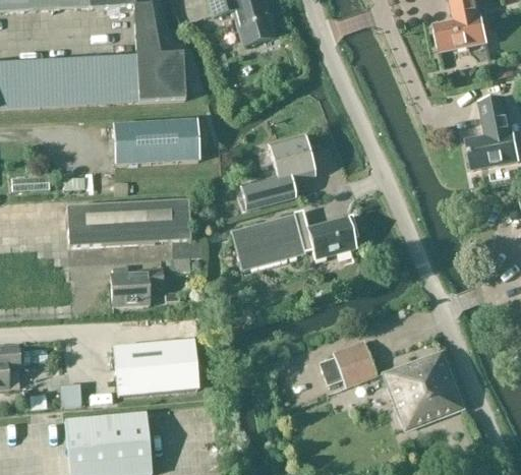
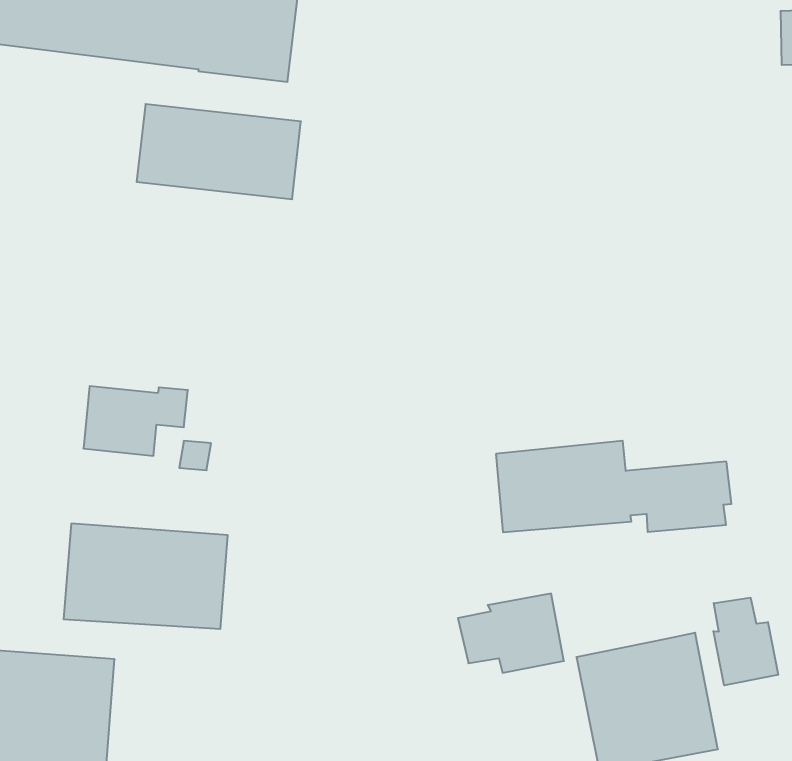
building: [242,133,315,209] -> none
building: [67,199,202,257] -> none
building: [231,213,356,270] -> [496,441,731,532]
building: none -> [713,598,778,685]

